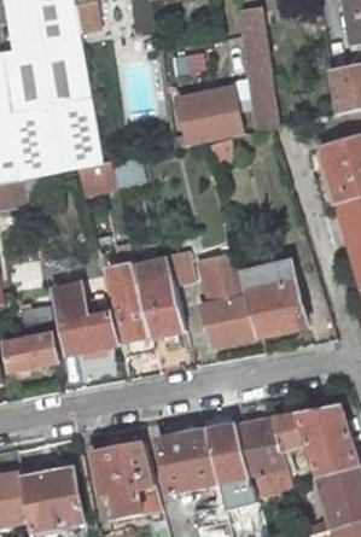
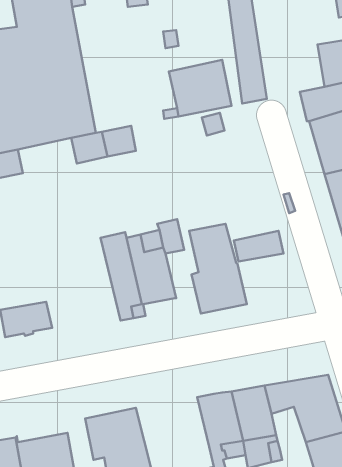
building: [53,282,118,352] -> none
building: [246,284,307,335] -> none
building: [158,431,219,490] -> none

